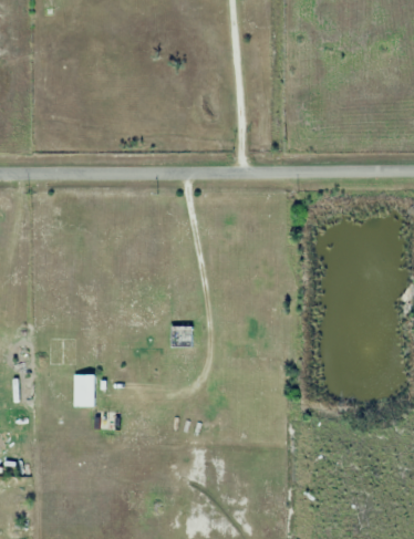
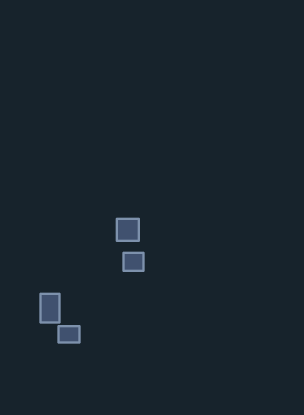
building: none -> [117,219,139,241]

